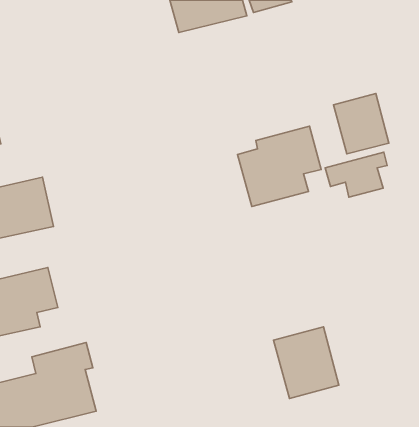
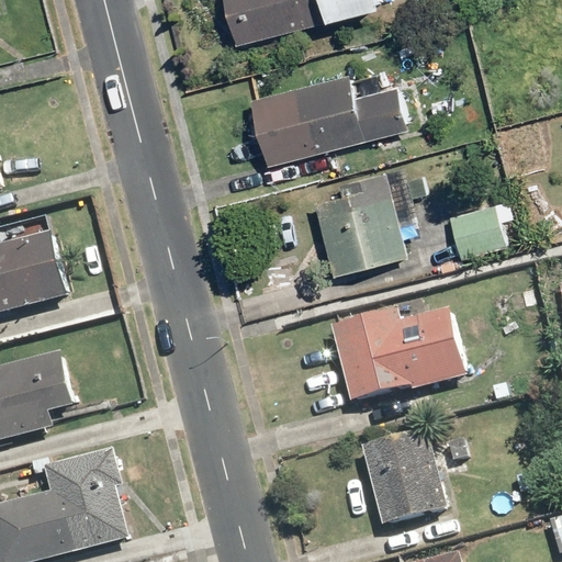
building: none -> [248,70,407,162]
building: [333,94,389,154] -> none
building: none -> [329,304,467,400]

